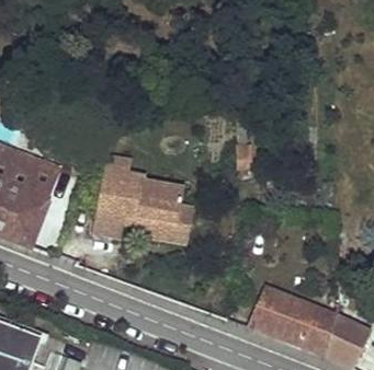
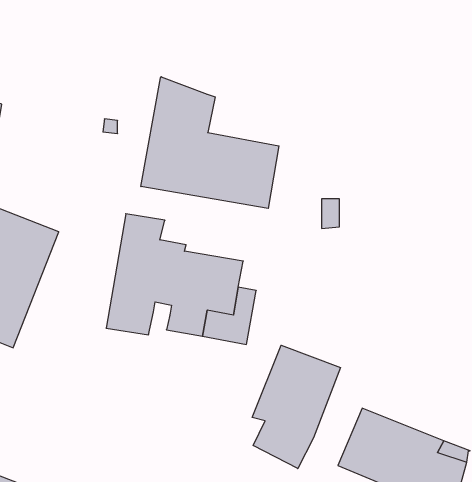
building: none -> [141,77,279,208]
building: none -> [252,345,340,469]

